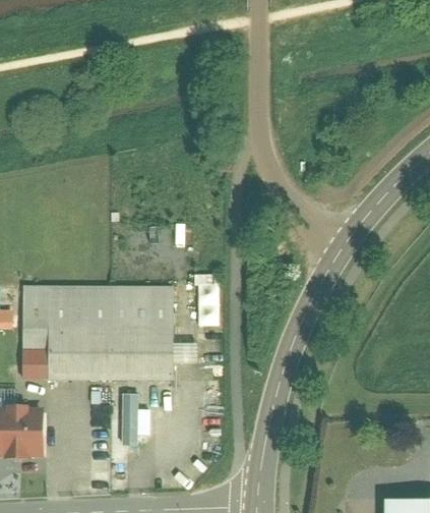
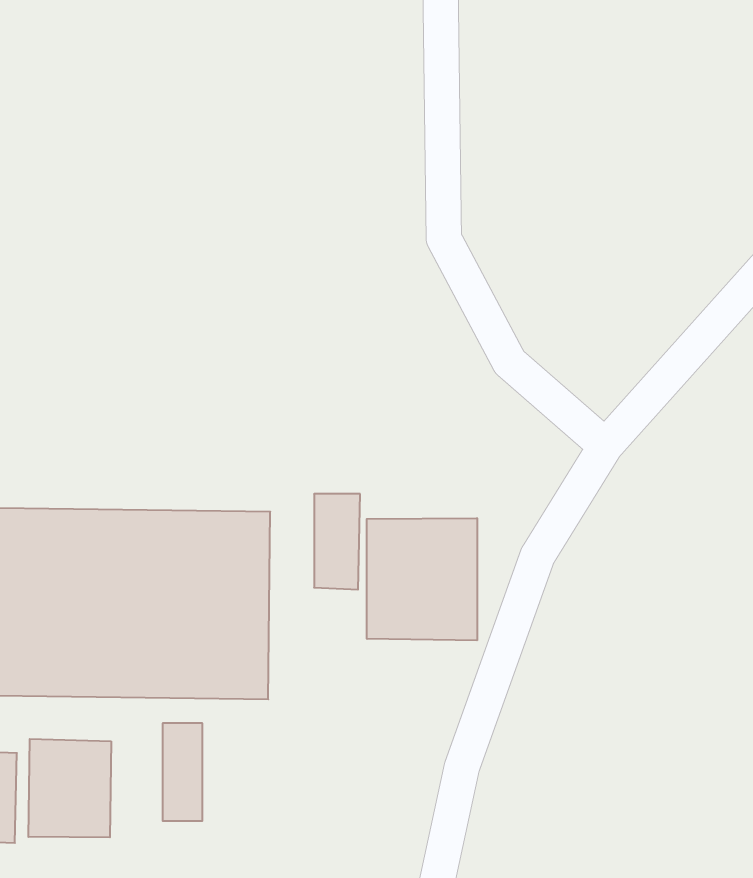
building: none -> [367,518,477,640]
building: none -> [28,739,111,837]

